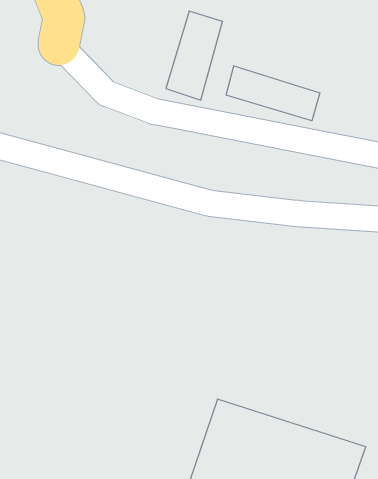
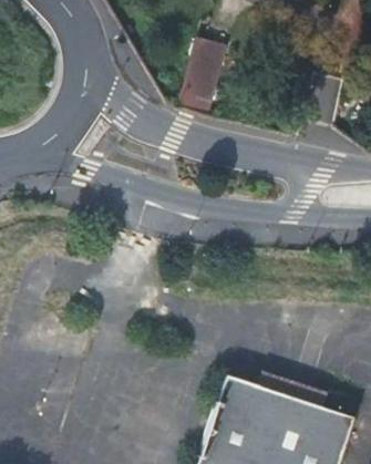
building: [226,66,320,121] -> none

